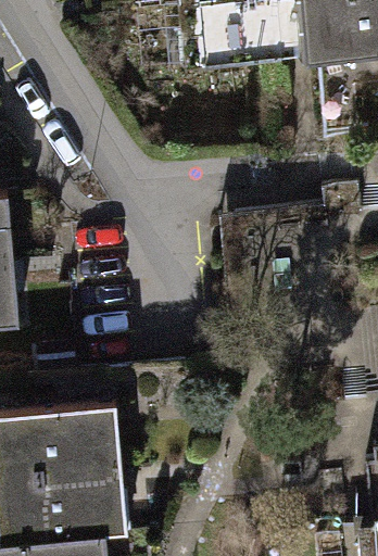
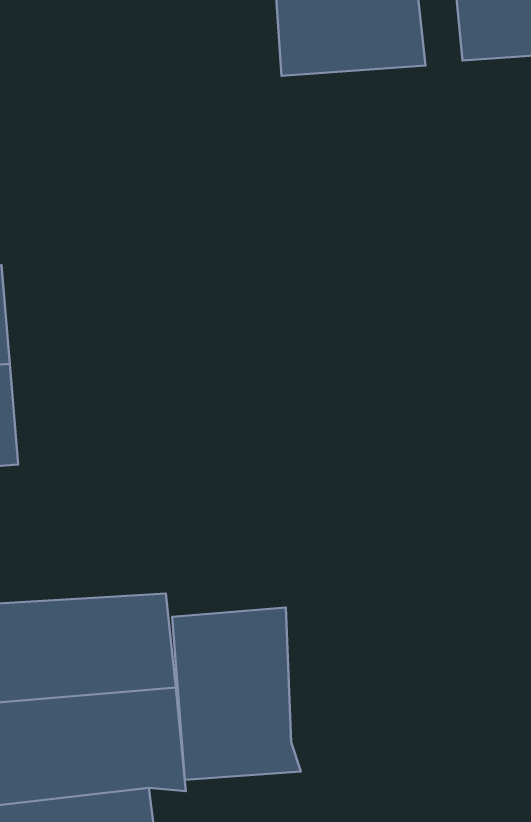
building: none -> [172,608,301,780]

